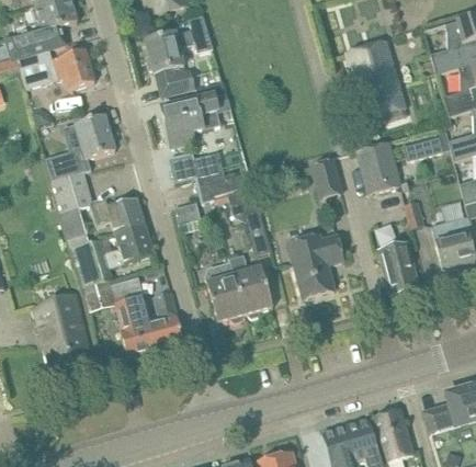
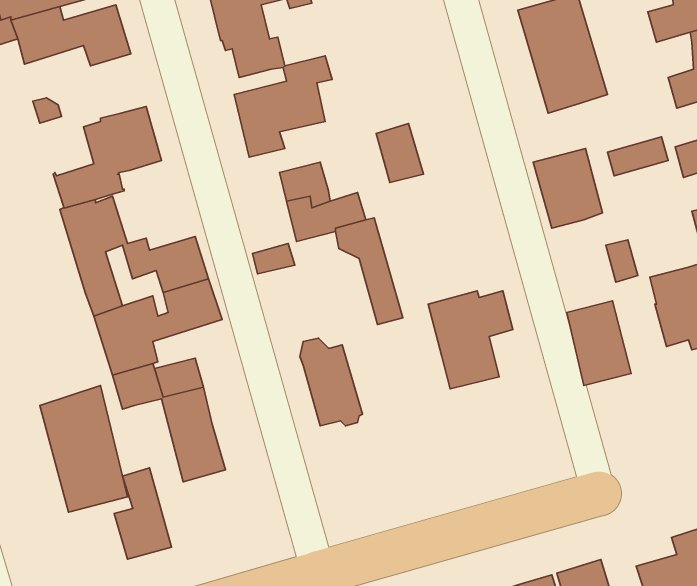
building: [311,159,342,197] -> [376,123,424,183]
building: [233,264,273,316] -> none
building: [148,291,185,350] -> [114,468,172,559]

